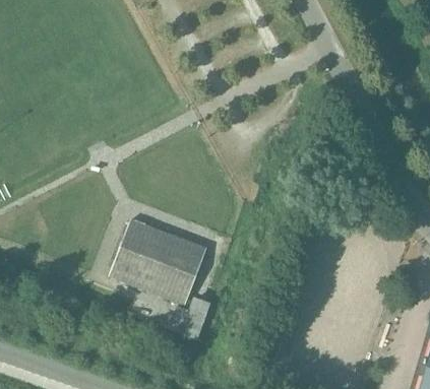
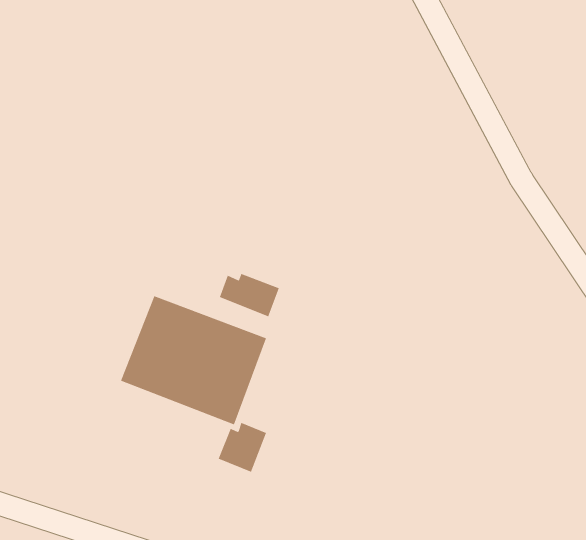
building: none -> [219,273,279,317]

